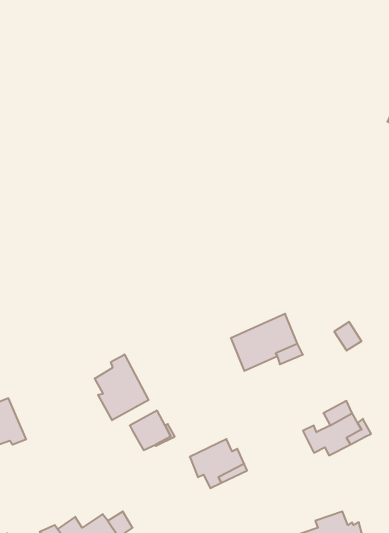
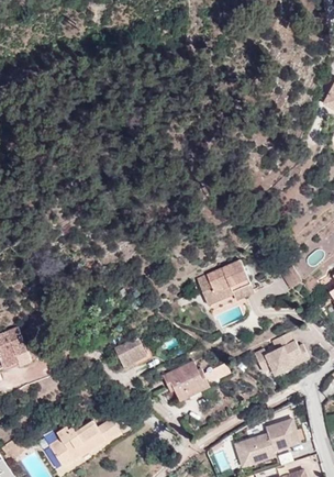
building: [95,354,148,420] -> none

